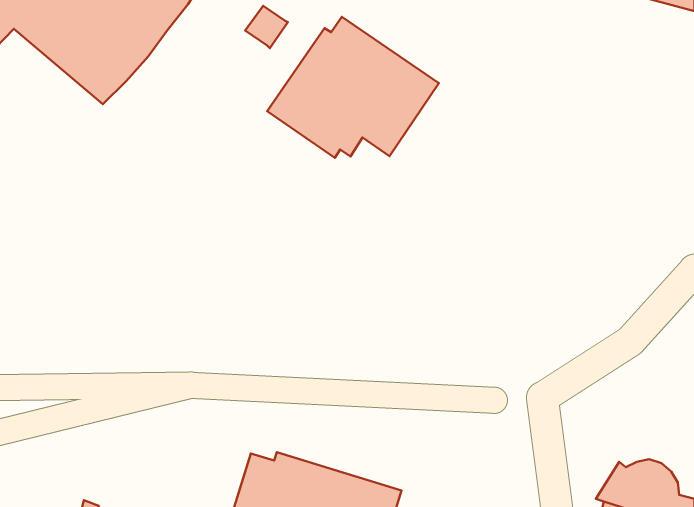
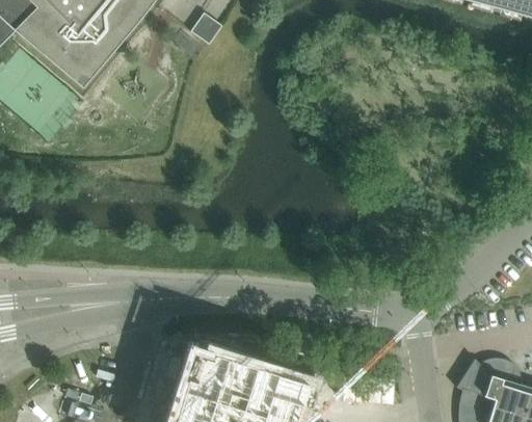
building: [267,17,439,158] -> none

